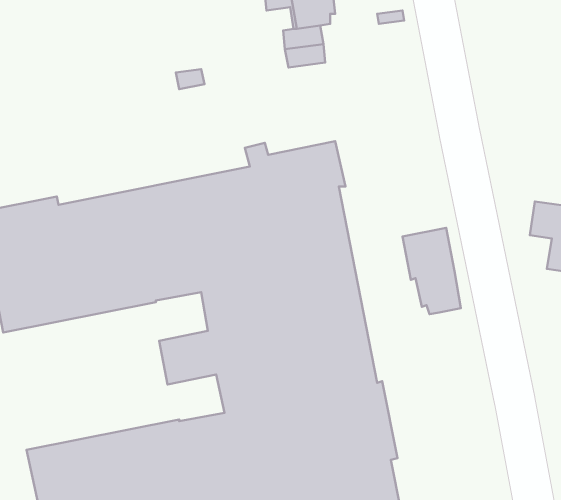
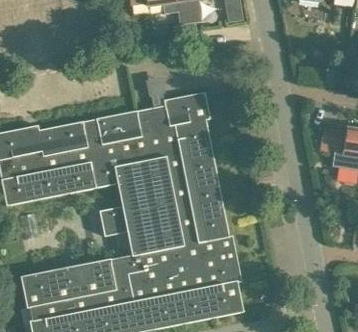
building: [403,228,461,314] -> none

